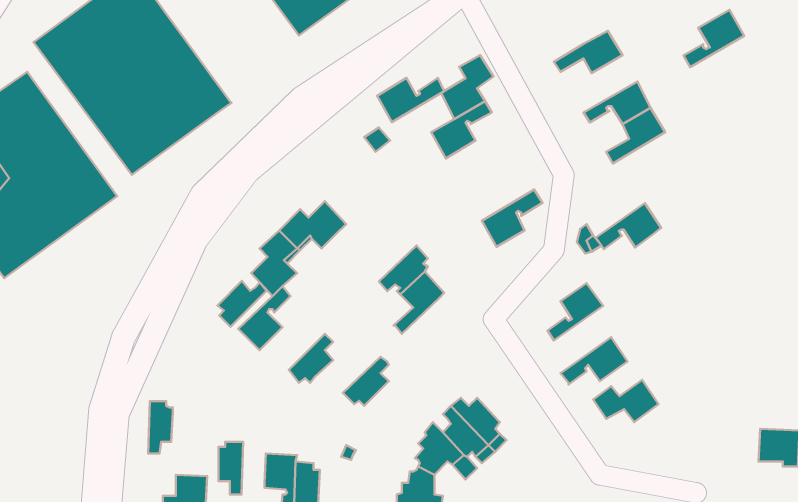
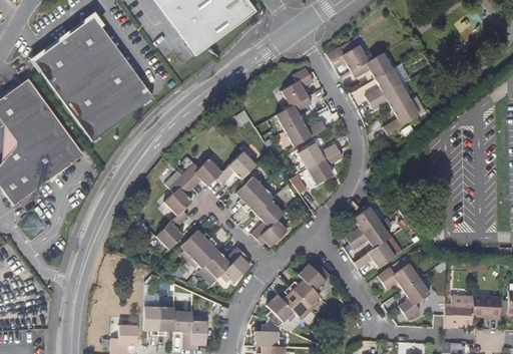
building: [684,10,744,67] -> [365,67,402,102]
building: none -> [328,44,369,71]
building: [377,78,444,122] -> [285,119,326,146]
building: none -> [298,142,339,168]
building: none -> [217,150,256,182]
building: [596,203,661,249] -> [351,221,391,249]
building: none -> [237,176,267,206]
building: [217,281,267,327] -> [180,232,210,260]
building: none -> [258,216,289,245]
building: none -> [204,246,244,278]
building: none -> [299,262,331,291]
building: [148,401,173,453] -> [159,304,174,336]
building: none -> [395,281,426,321]
building: none -> [445,295,473,328]

